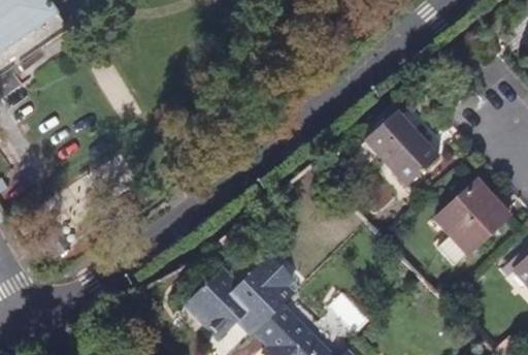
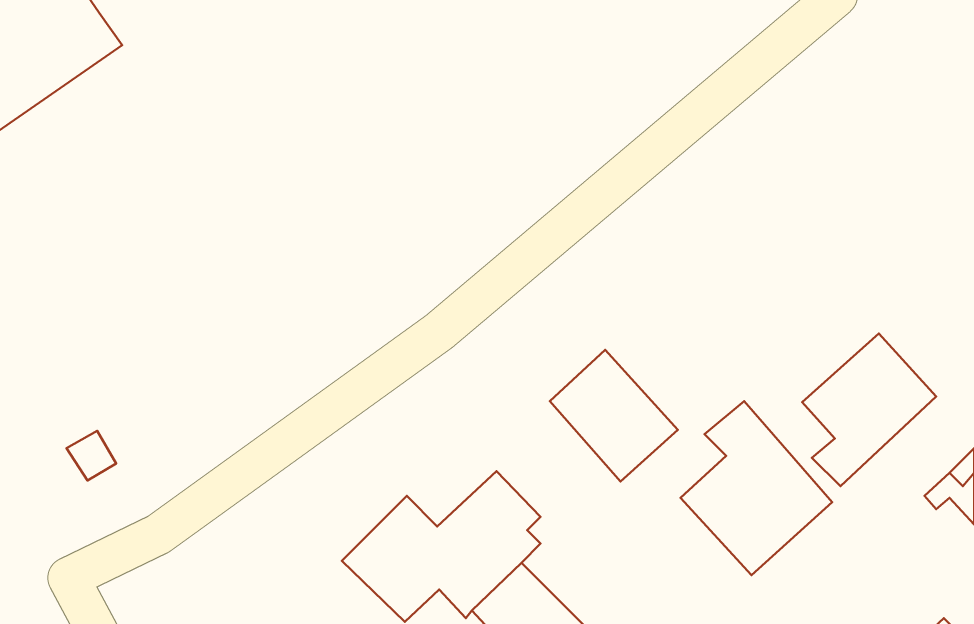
building: [366,112,435,184] -> [550,350,678,481]
building: none -> [680,401,832,575]

